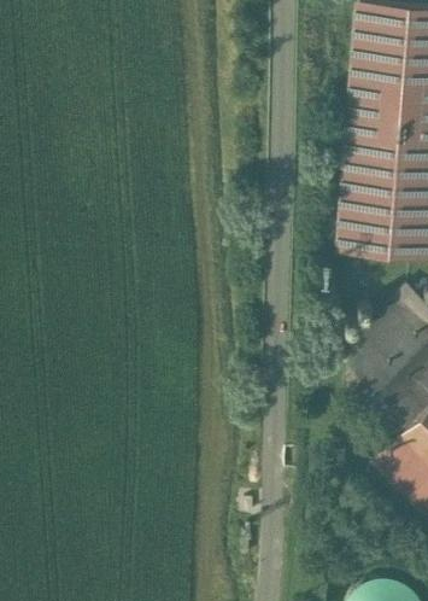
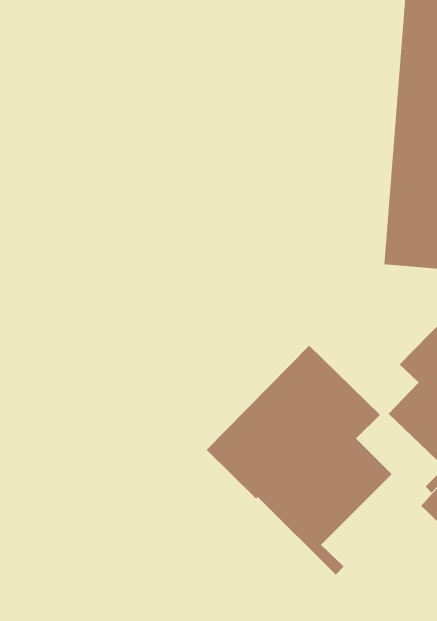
building: none -> [206,345,392,576]

